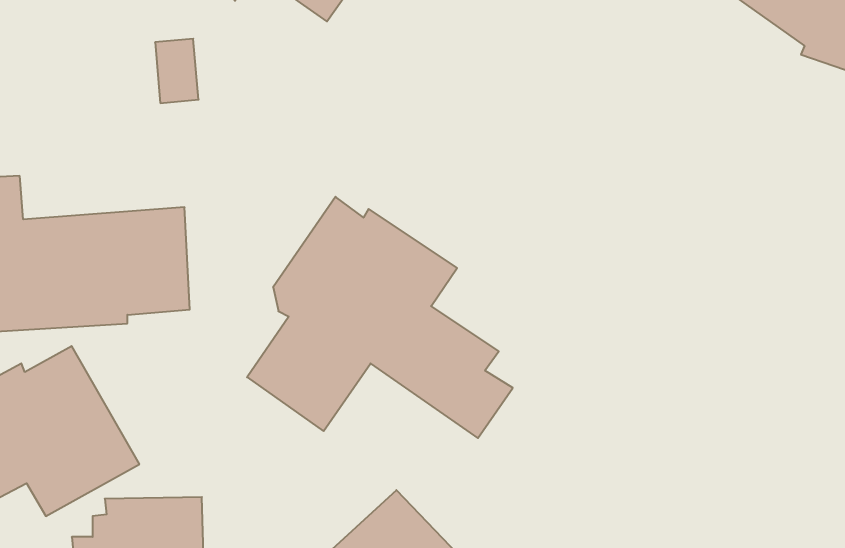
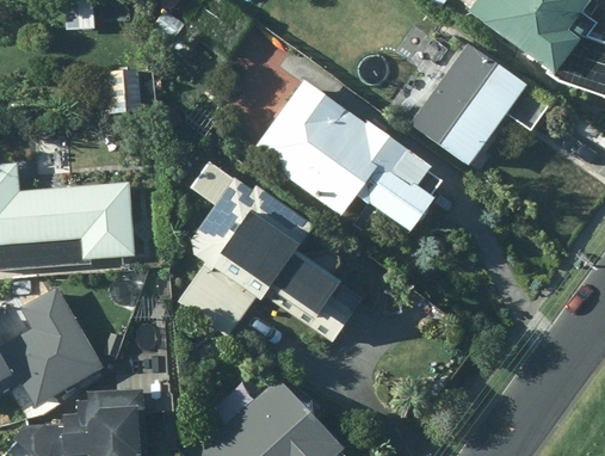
building: none -> [414,48,547,165]
building: none -> [257,82,436,230]

